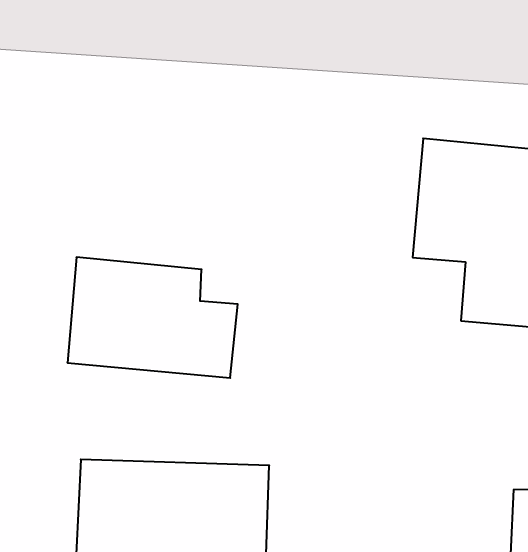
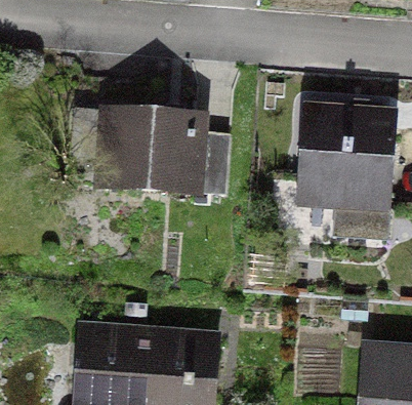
building: [67,257,238,378] -> [107,113,222,195]

